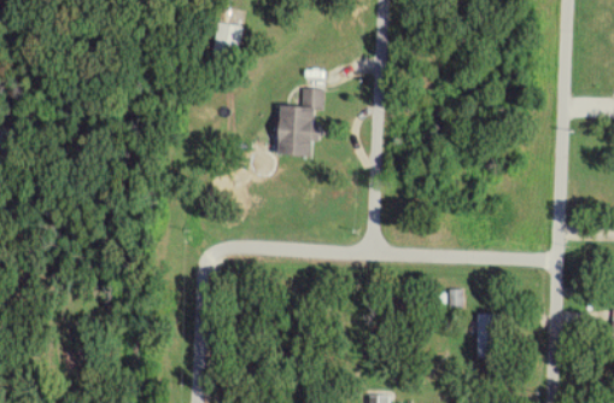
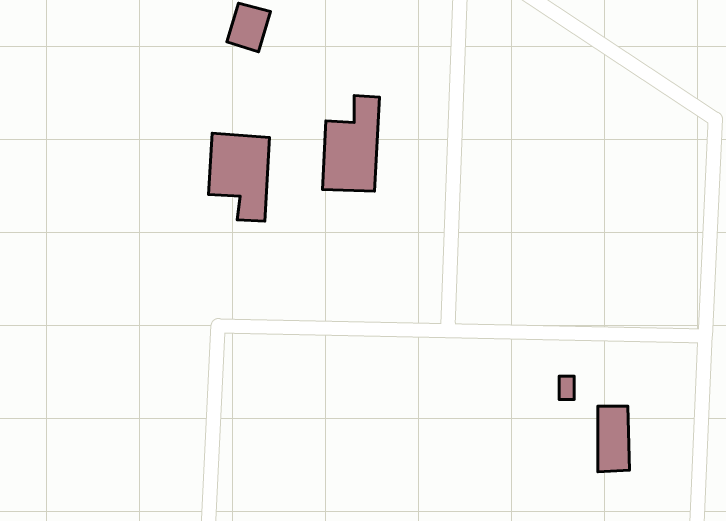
building: none -> [209,133,269,221]

